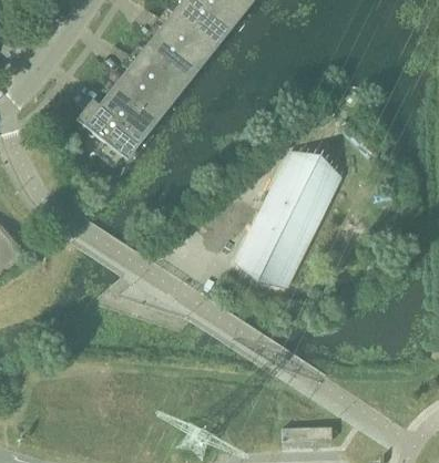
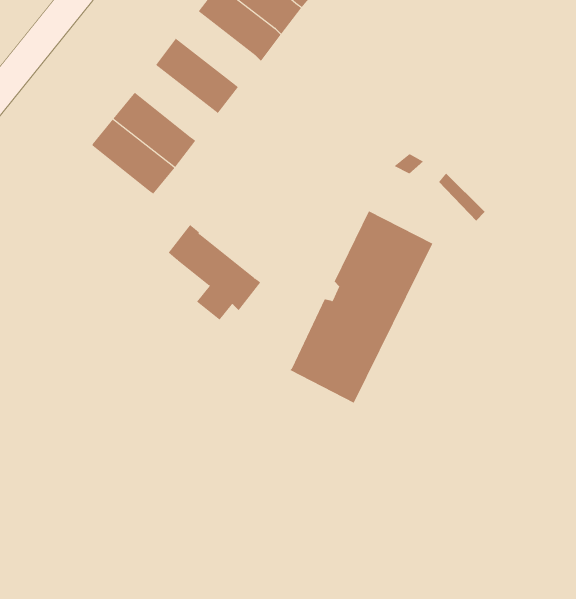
building: [156,12,216,65] -> none
building: [127,50,186,103] -> none
building: [75,100,141,167] -> [168,224,261,321]

